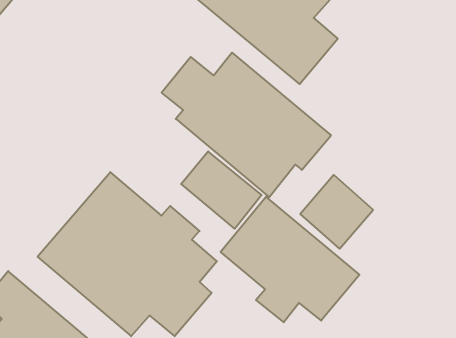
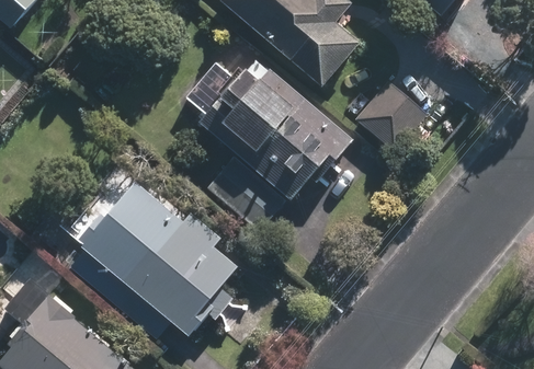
building: [300,175,373,249] -> [352,80,425,154]
building: [221,197,359,322] -> none

